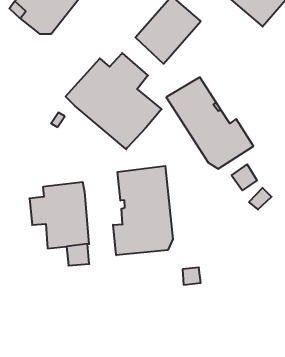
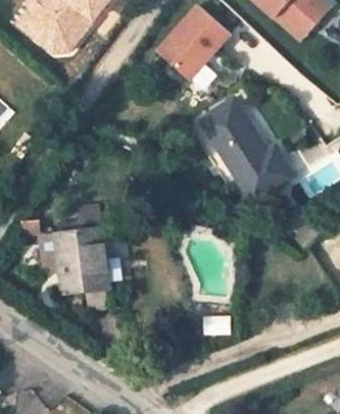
building: [66,53,162,149] -> none
building: [113,166,173,255] -> none

